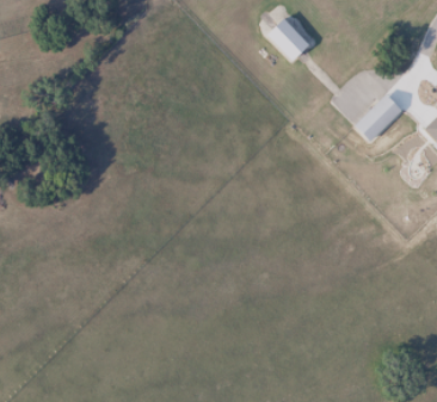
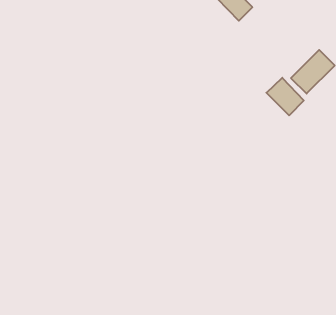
building: none -> [266,78,304,115]

